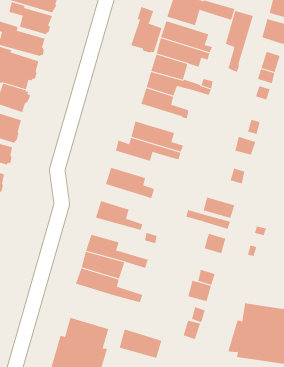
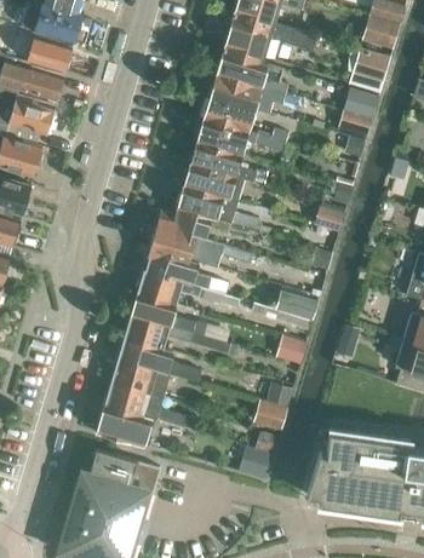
building: [130,6,162,53] -> none
building: [225,10,254,73] -> none
building: none -> [183,163,245,202]
building: none -> [150,226,253,264]
building: none -> [137,271,240,309]
building: none -> [124,316,191,349]
building: [119,329,162,359] -> [96,404,154,444]

